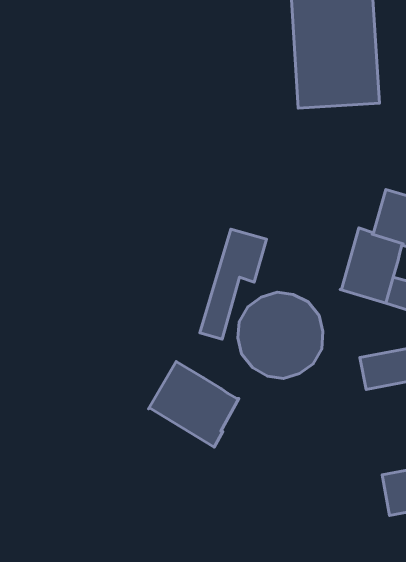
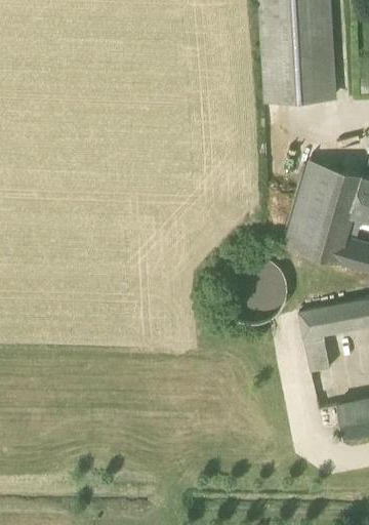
building: [200,229,266,339] -> [285,161,340,252]
building: none -> [299,309,331,373]
building: [148,362,239,447] -> none

